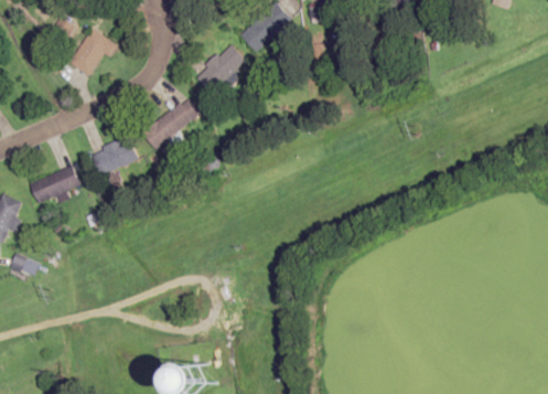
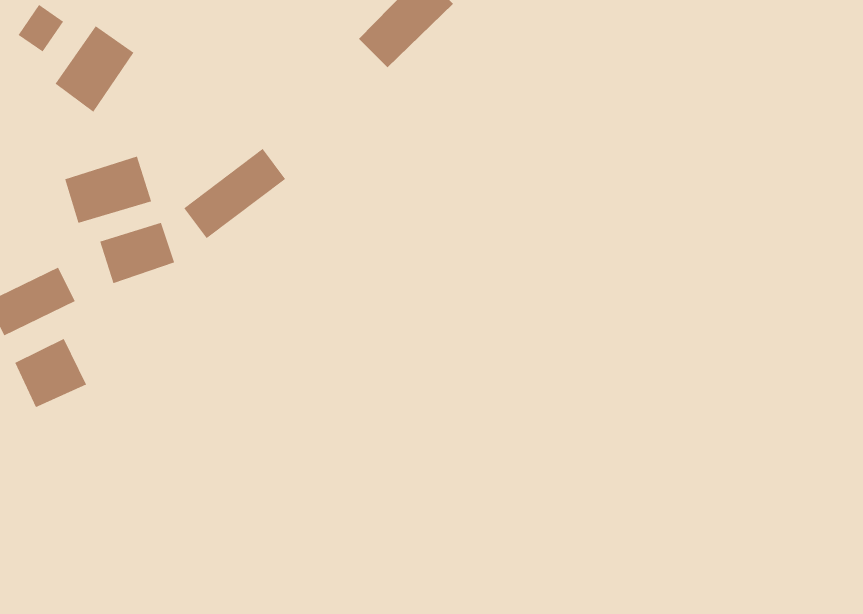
building: [196,43,247,93] -> none
building: none -> [64,155,152,224]
building: none -> [14,338,87,408]

